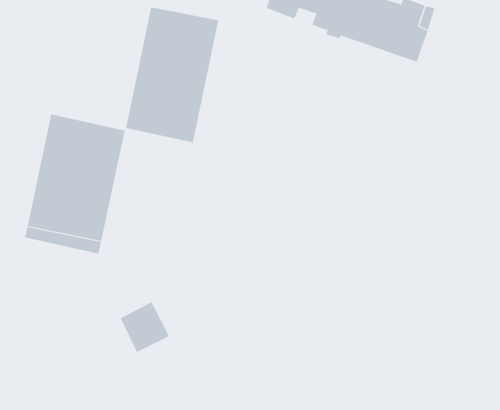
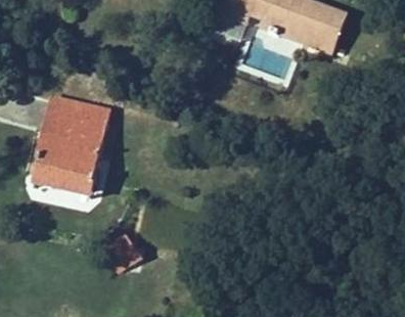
building: [126,7,219,143] -> none

